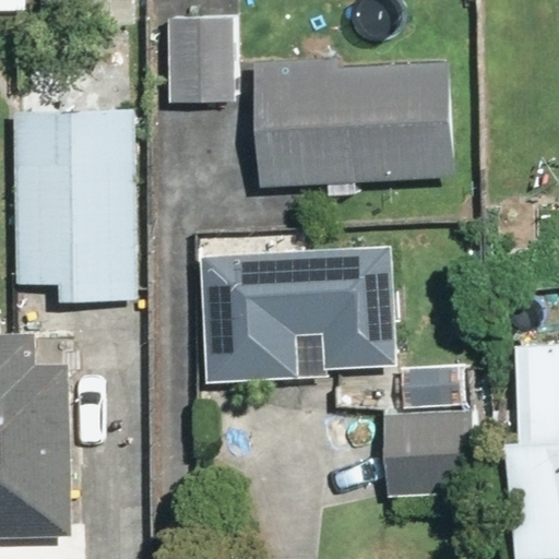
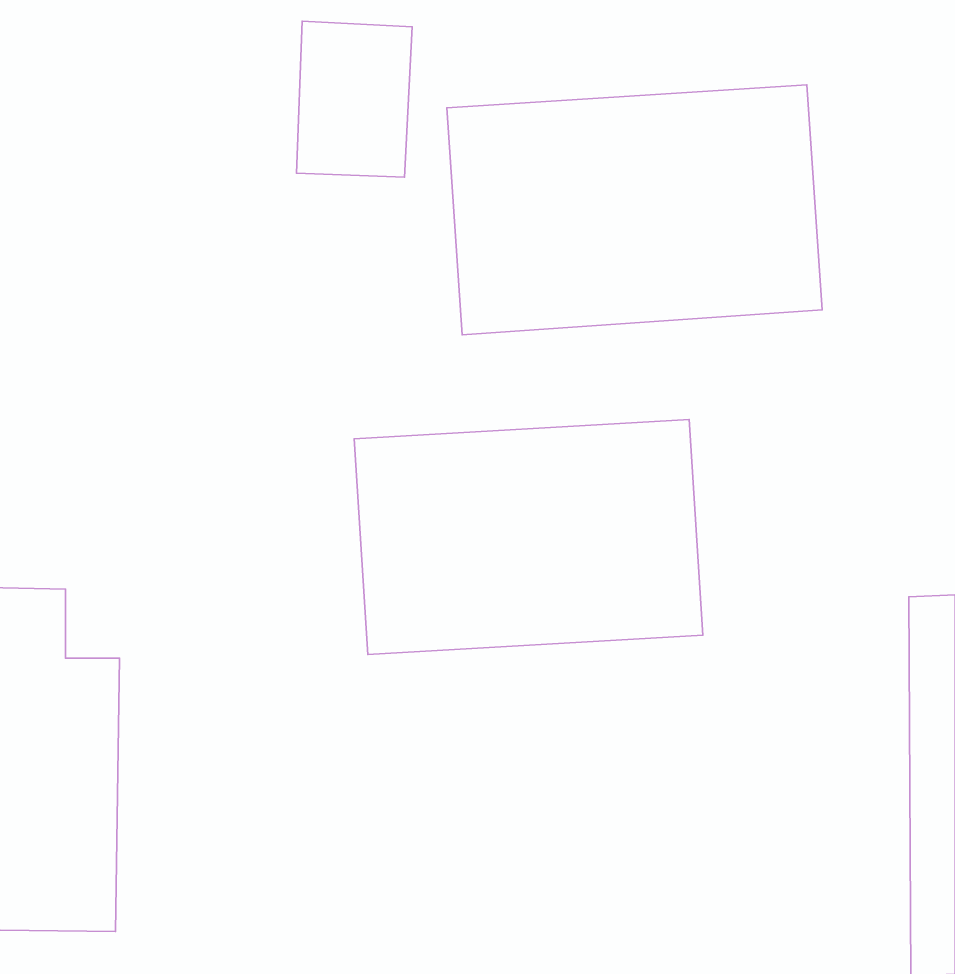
building: [12,110,138,300] -> none
building: [383,416,480,497] -> none

